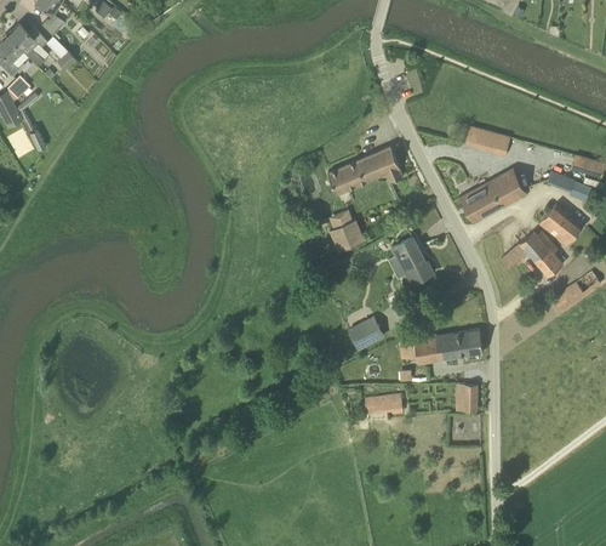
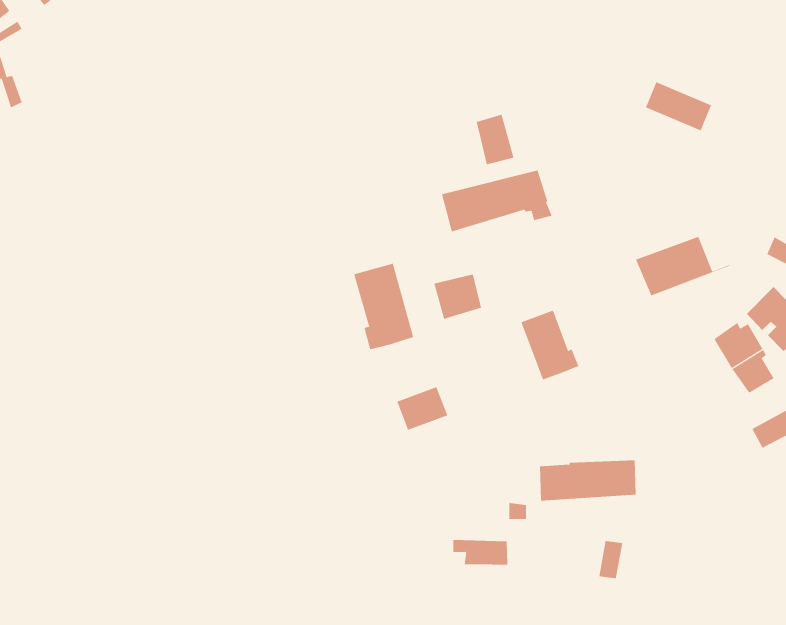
building: none -> [476,114,514,165]
building: [467,125,510,154] -> [645,81,712,131]
building: none -> [354,263,414,350]
building: [349,317,384,348] -> [396,386,448,431]

